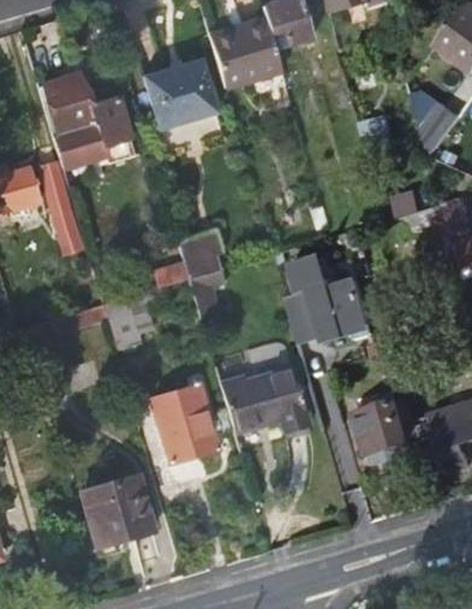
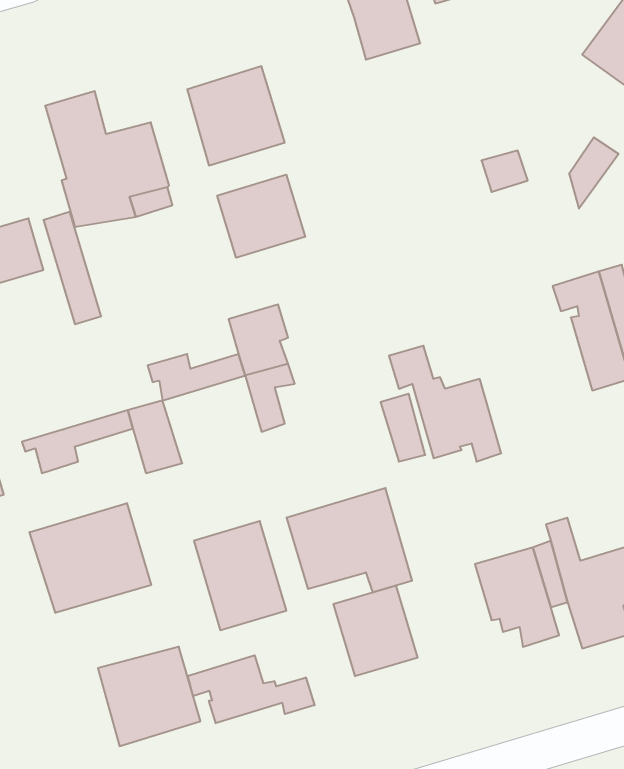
building: [208,19,281,84] -> none
building: none -> [217,175,305,258]
building: none -> [30,503,151,613]
building: none -> [333,585,418,676]
building: none -> [188,655,315,723]

